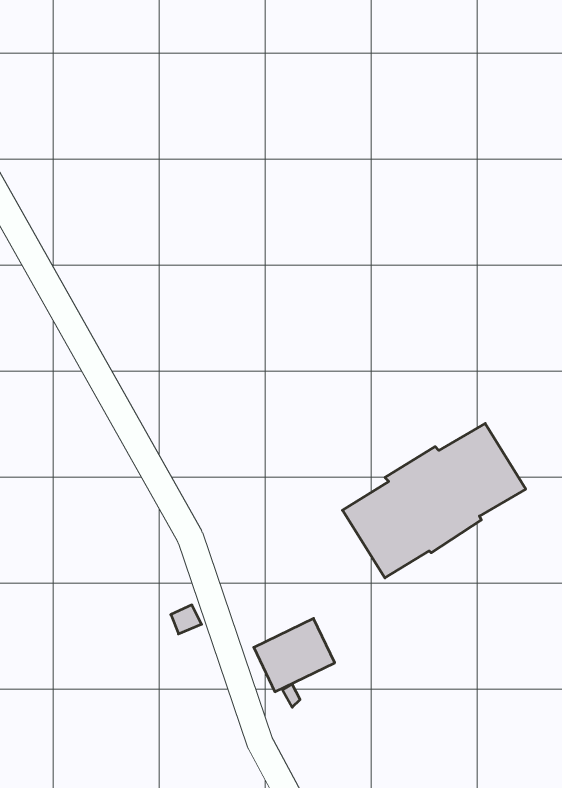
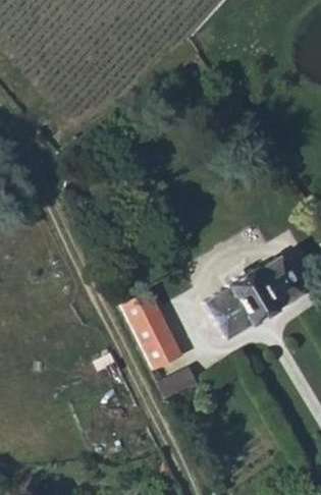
building: none -> [121,283,175,364]

